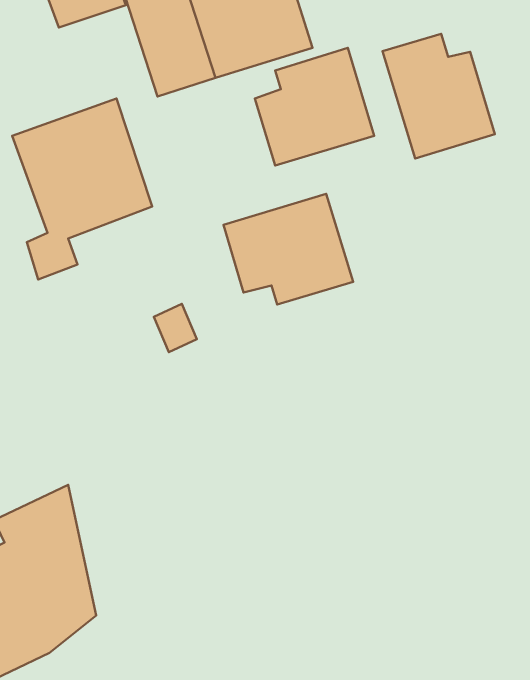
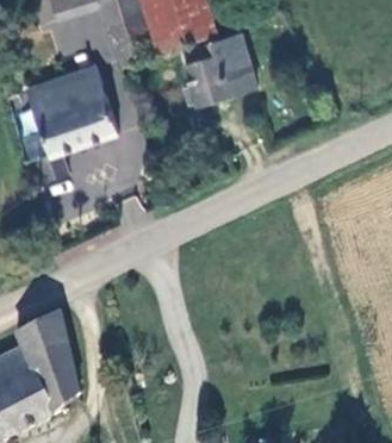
building: [382,34,495,158] -> none
building: [223,194,353,304] -> none

